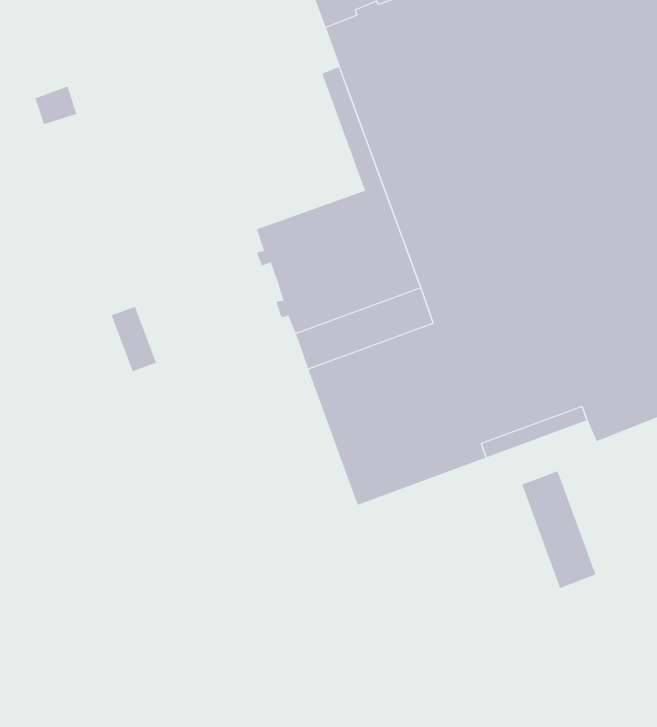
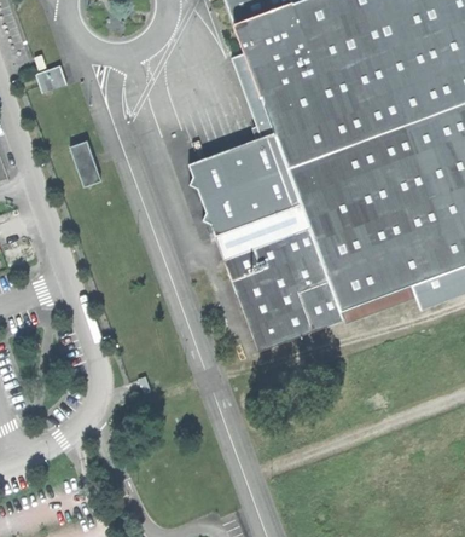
building: [111,306,157,372] -> [71,143,103,187]
building: [521,470,596,589] -> none

